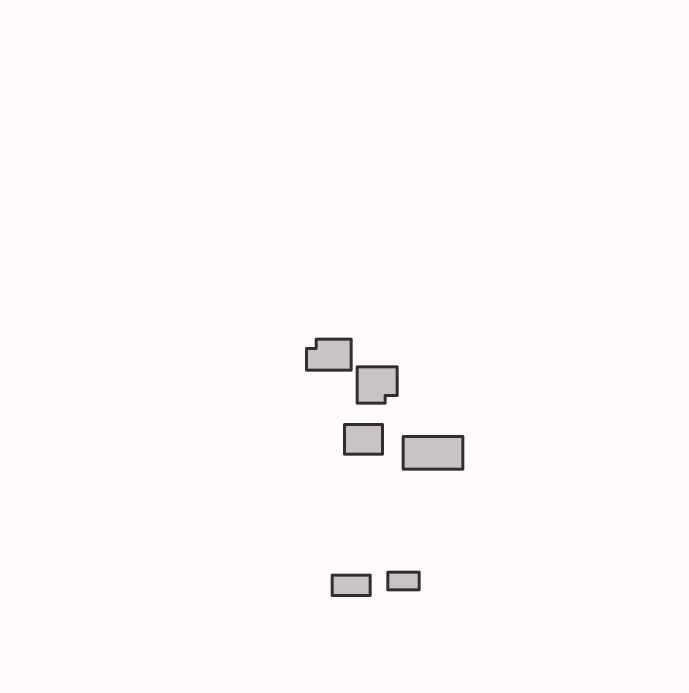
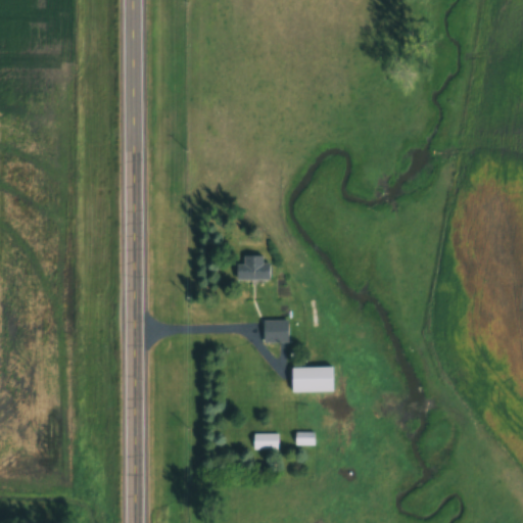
building: [357,367,397,403] -> none
building: [403,436,463,469] -> [290,367,335,391]

